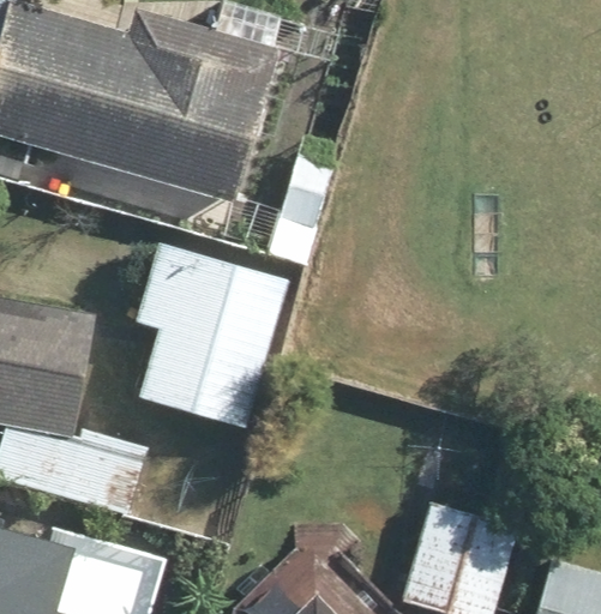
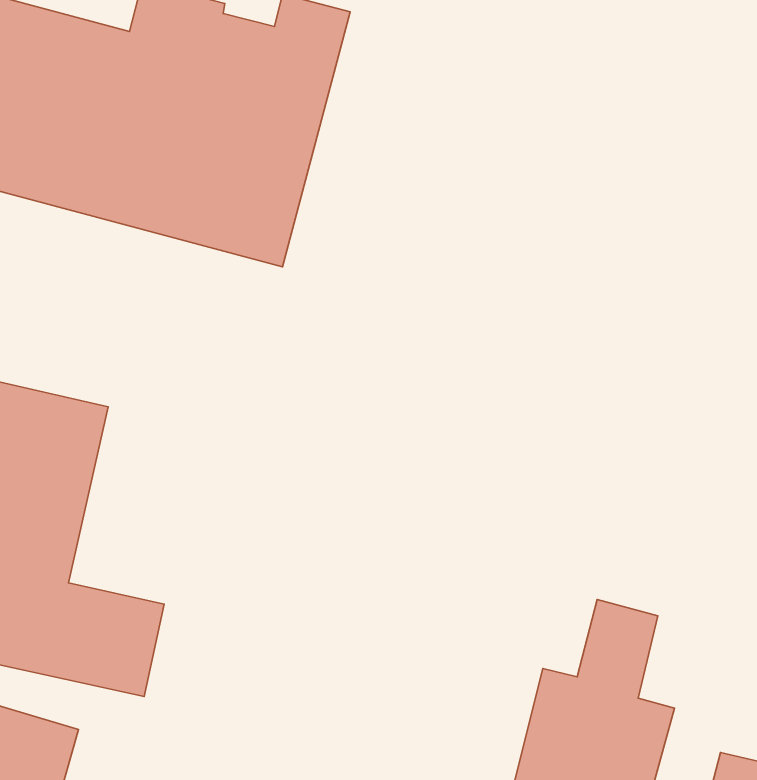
building: [136,242,290,428] -> none

